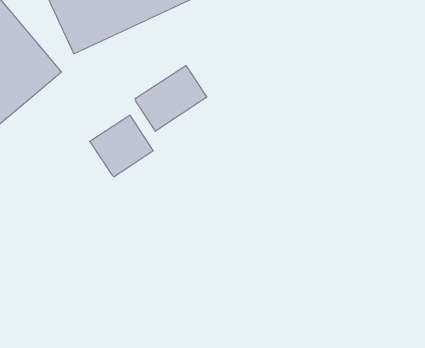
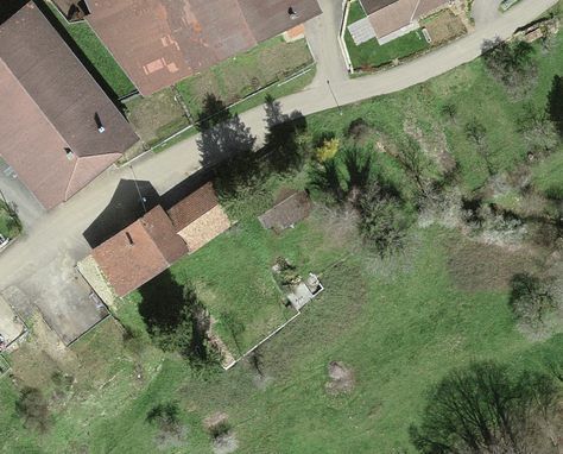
building: [135,65,207,131] -> none
building: none -> [88,202,189,295]

